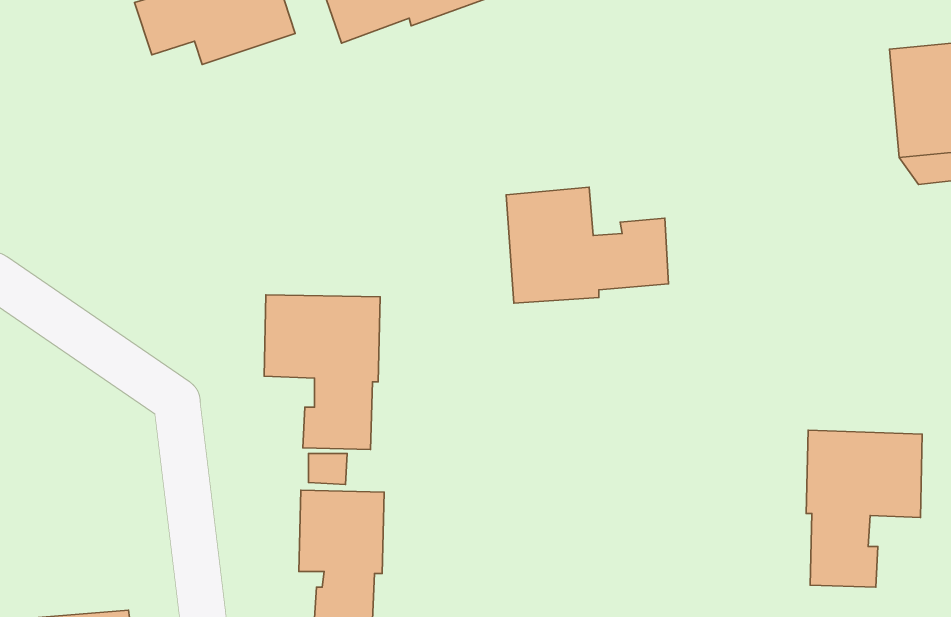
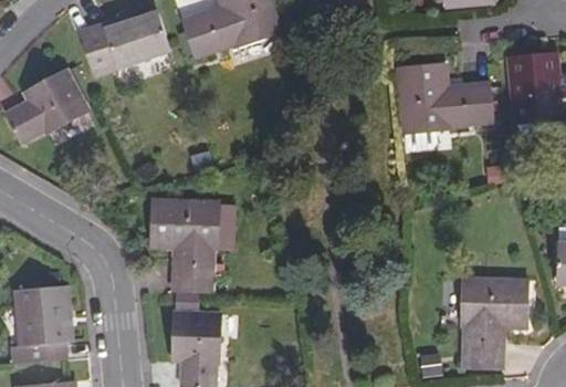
building: none -> [6,69,87,140]
building: [506,187,669,303] -> [398,64,491,130]
building: none -> [13,285,71,363]

